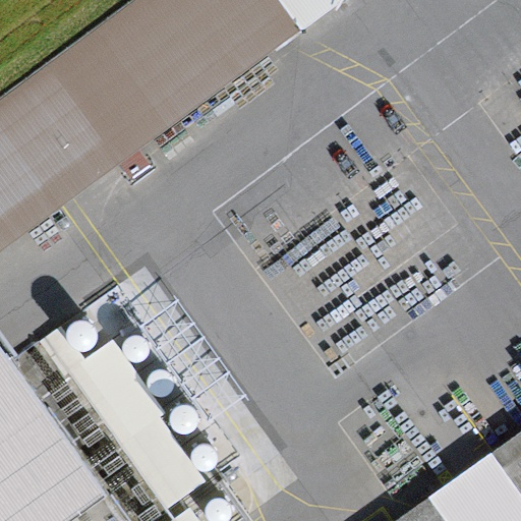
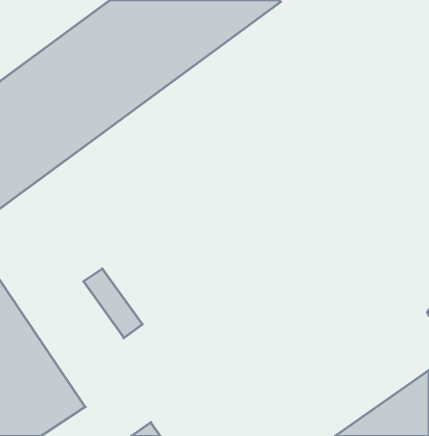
building: [35,324,196,502] -> none

